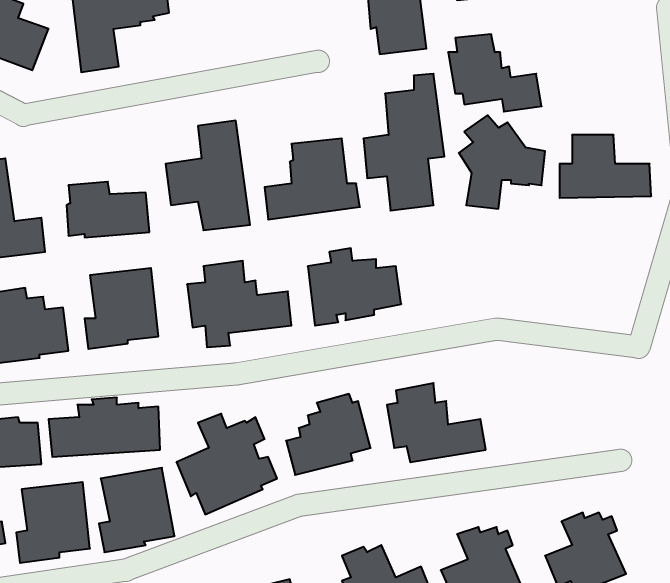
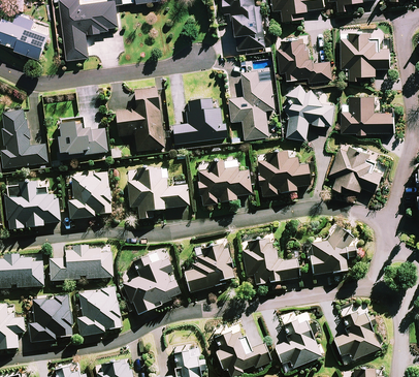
building: none -> [342,33,389,80]
building: none -> [330,147,382,191]
building: none -> [257,152,310,196]
building: none -> [311,227,356,275]

